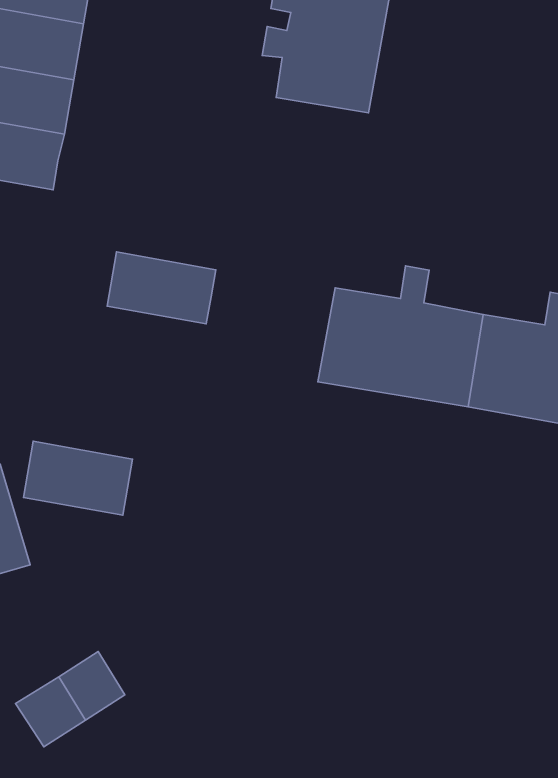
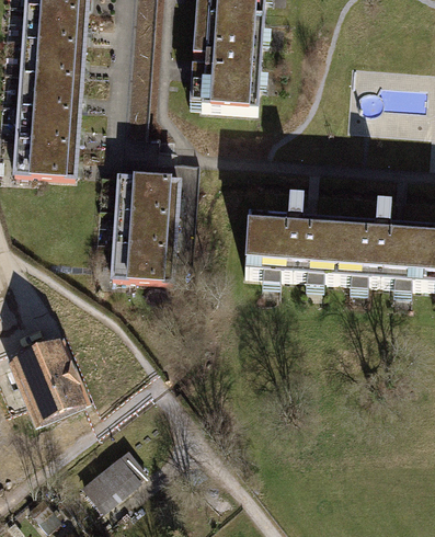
building: none -> [116,173,180,212]
building: [24,441,133,515] -> [112,240,174,278]

